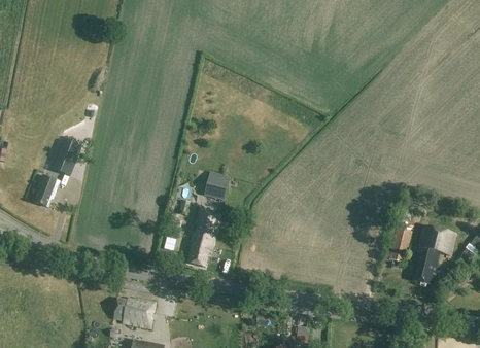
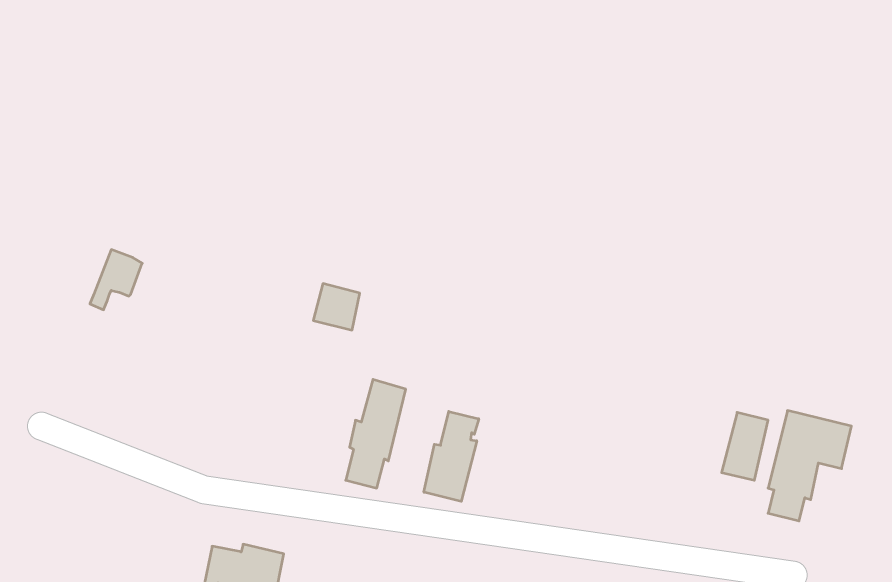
building: [33,174,60,207] -> none
building: [203,175,228,200] -> [313,284,360,330]
building: none -> [424,411,479,501]

